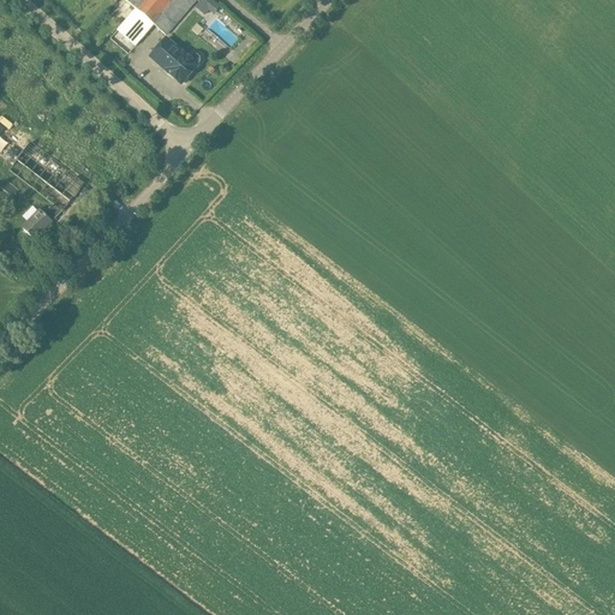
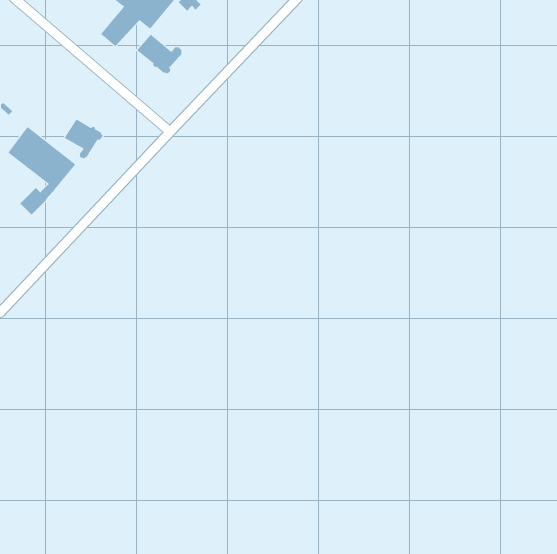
building: none -> [64,118,103,159]

